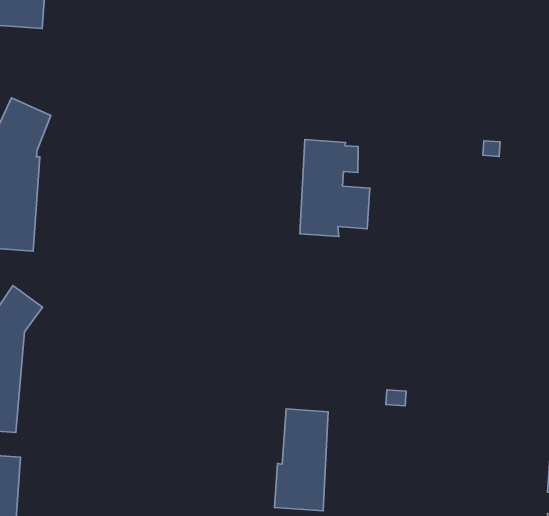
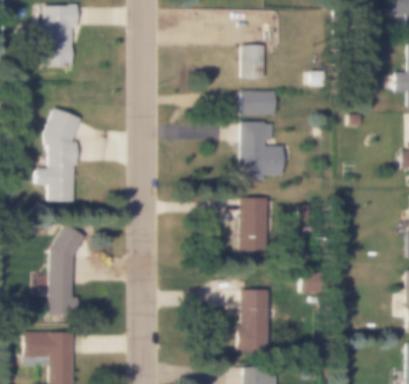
building: none -> [242,44,265,78]
building: none -> [242,89,275,114]
building: none -> [240,198,267,261]

